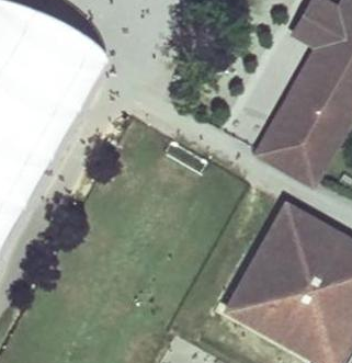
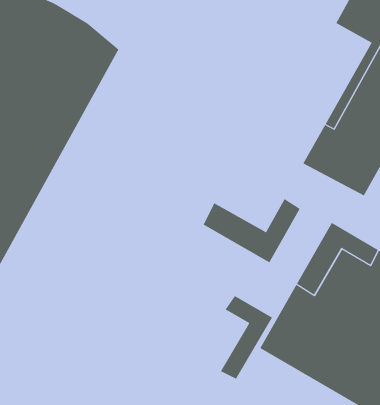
building: none -> [203,198,300,263]
building: none -> [220,295,273,379]

